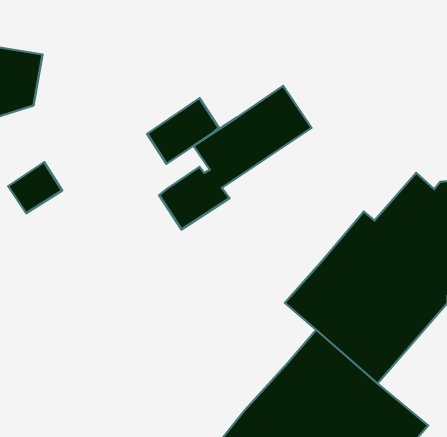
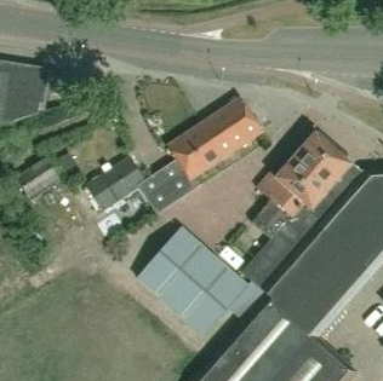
building: [147,98,219,164] -> [86,155,144,208]
building: none -> [250,133,349,237]
building: none -> [135,225,247,335]

